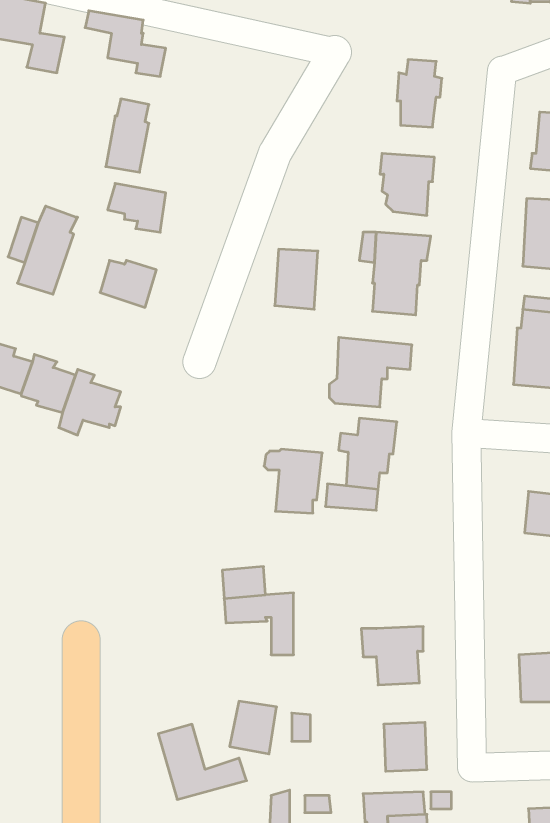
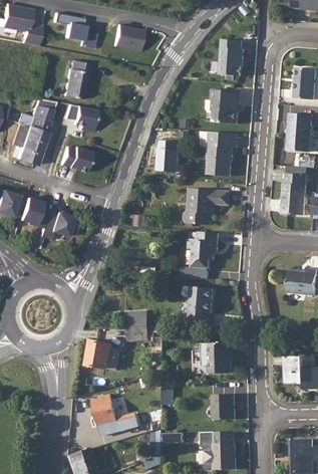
building: none -> [113,25,142,51]
building: none -> [30,99,54,124]
building: [264,449,322,513] -> [182,286,213,320]
building: [230,701,277,754] -> [86,340,111,369]

